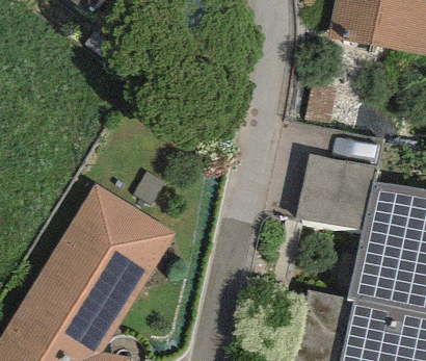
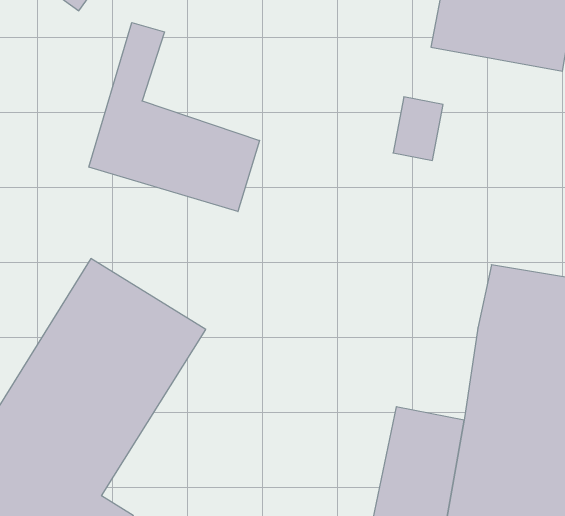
building: none -> [89,23,260,212]
building: [298,152,377,230] -> none

